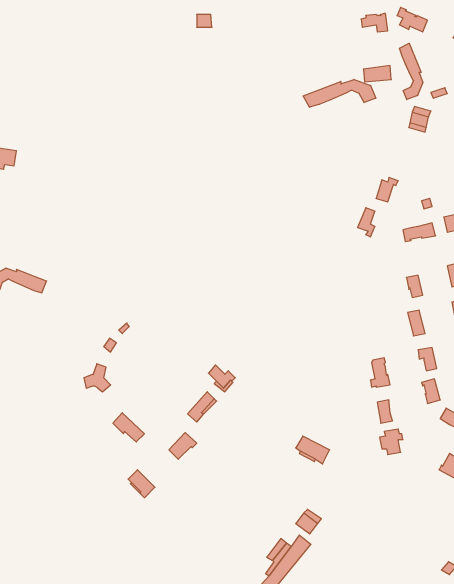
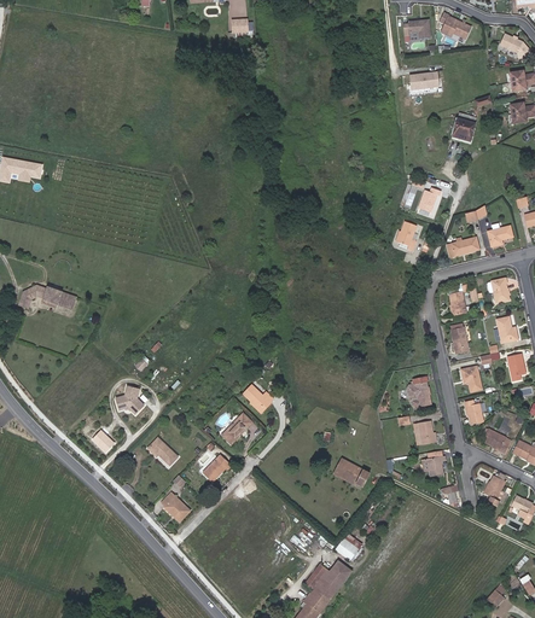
building: [400,43,423,100] -> none
building: [303,79,376,107] -> none

